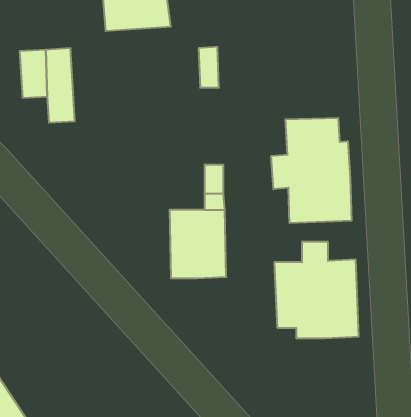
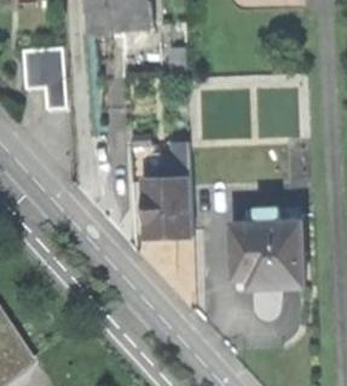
building: [271,118,351,223] -> none

